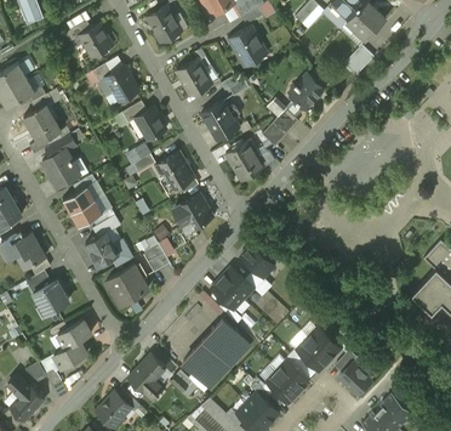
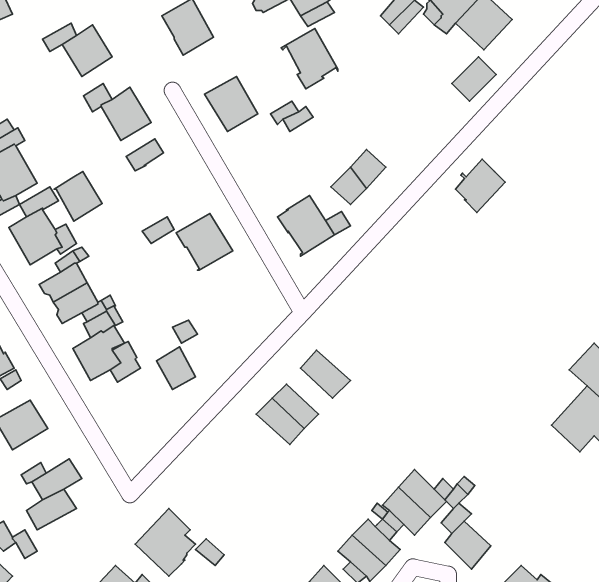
building: [289,73,322,109] -> [456,159,505,212]
building: [200,100,238,140] -> none
building: [133,107,166,141] -> [54,171,102,221]
building: [175,192,212,243] -> none
building: [105,265,148,305] -> none
building: [182,321,249,387] -> none

